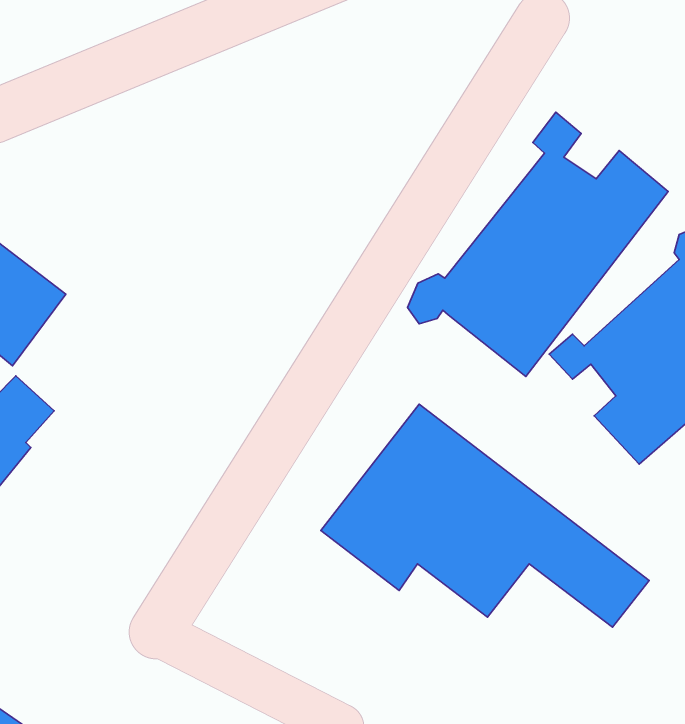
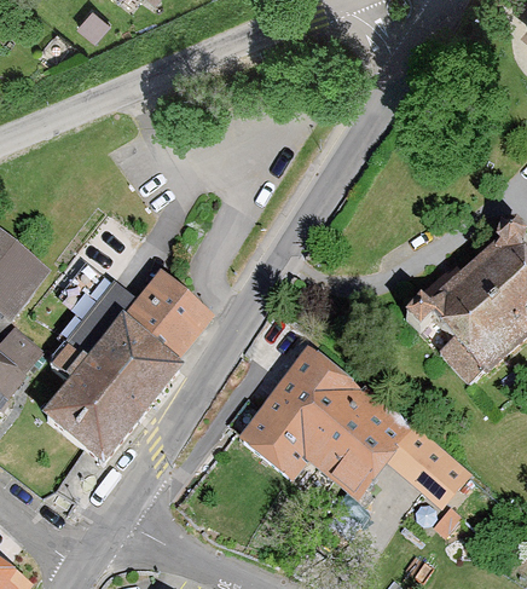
building: [408,112,668,376] -> none
building: none -> [44,271,212,462]

